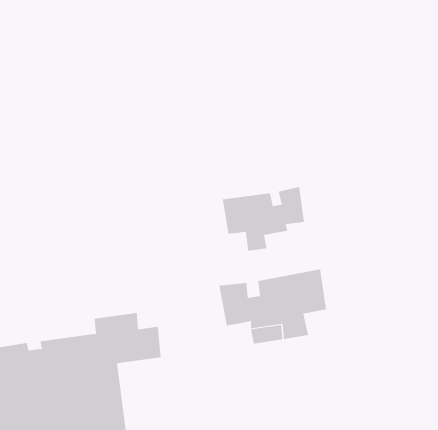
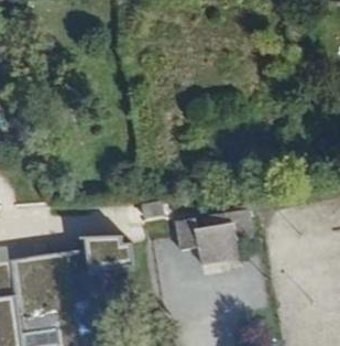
building: [222,186,305,252] -> none

